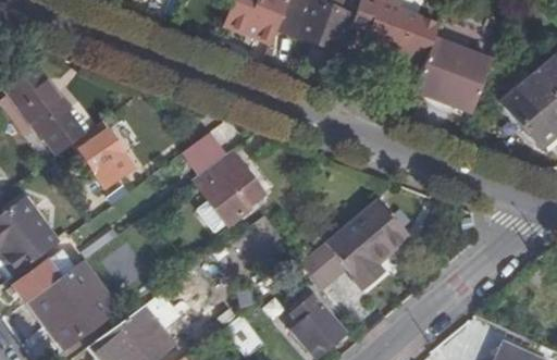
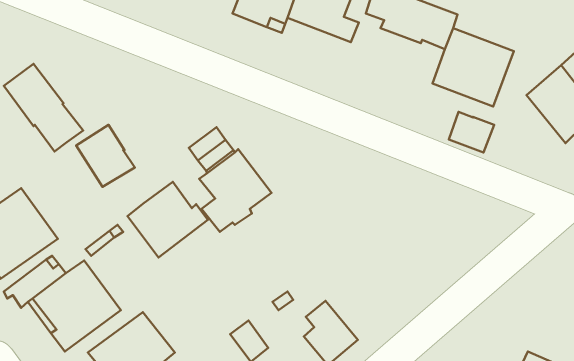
building: none -> [449,112,494,153]
building: none -> [128,182,208,257]
building: [299,202,403,288] -> none

